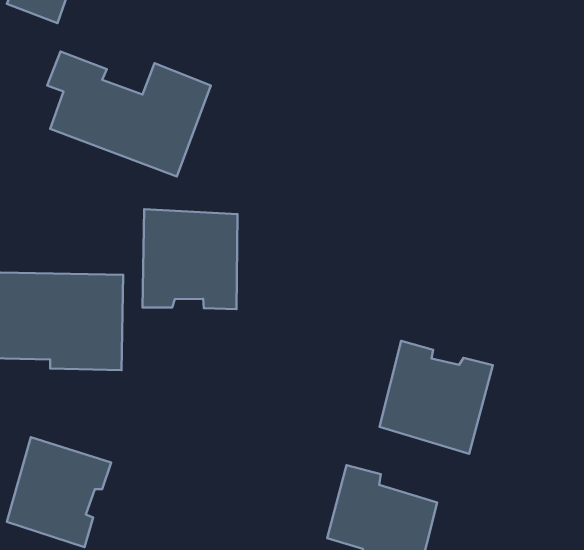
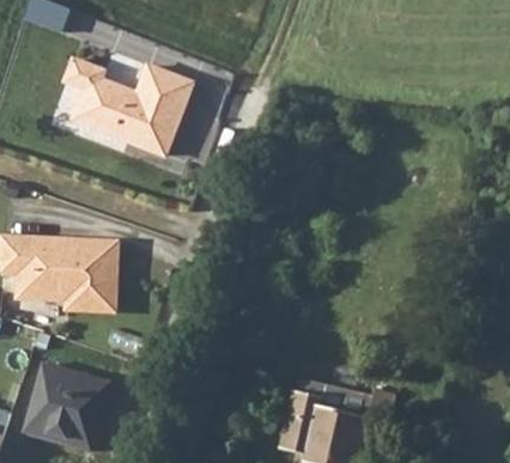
building: [142,209,237,309] -> none
building: [379,341,493,454] -> none

